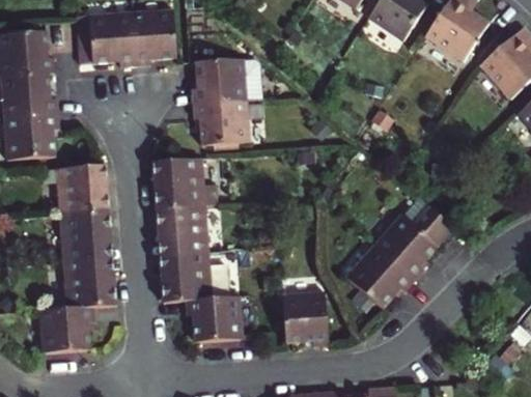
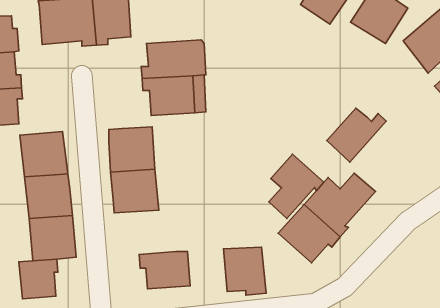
building: none -> [327,108,386,162]
building: none -> [269,154,324,218]
building: [159,252,228,303] -> none

